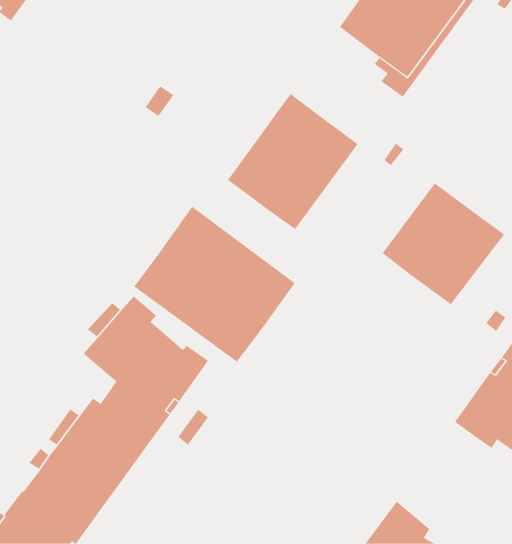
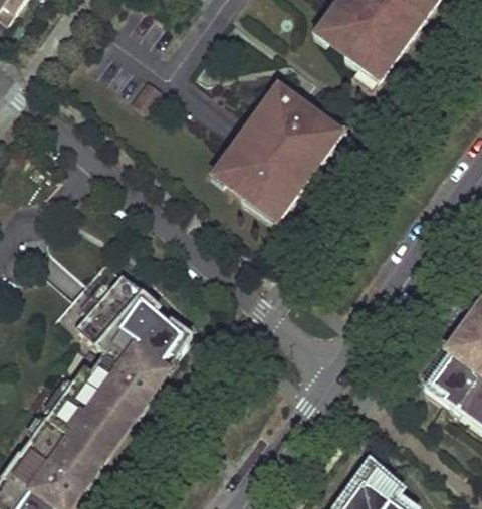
building: none -> [244,109,350,226]
building: [382,183,505,305] -> none
building: [134,206,296,363] -> none

